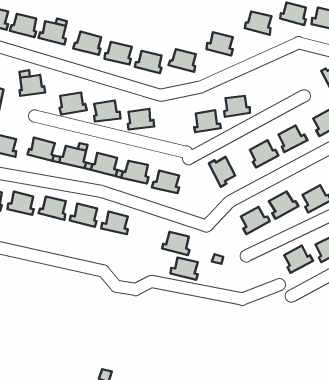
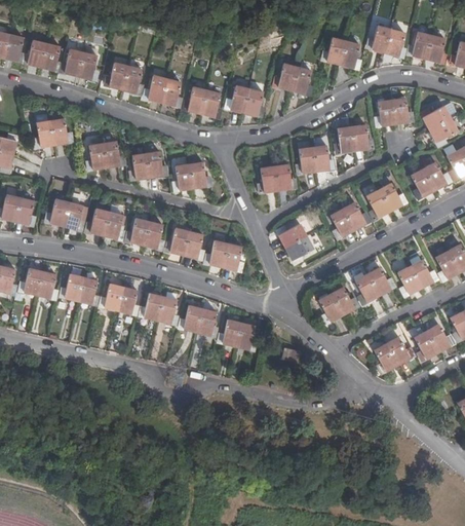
building: none -> [377,98,412,125]
building: none -> [337,124,371,152]
building: [170,257,198,280] -> [180,306,215,335]

